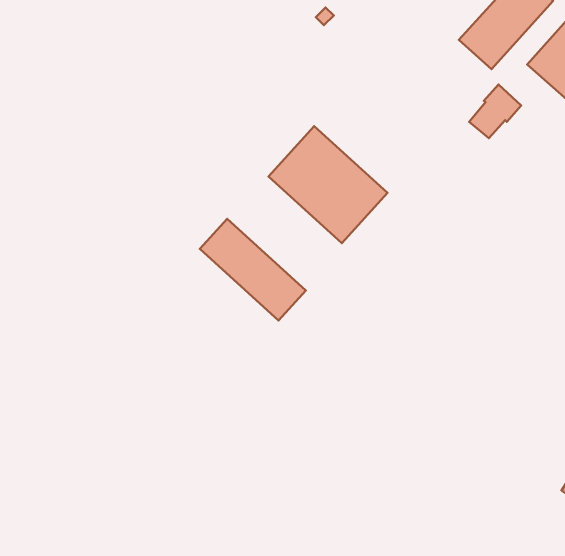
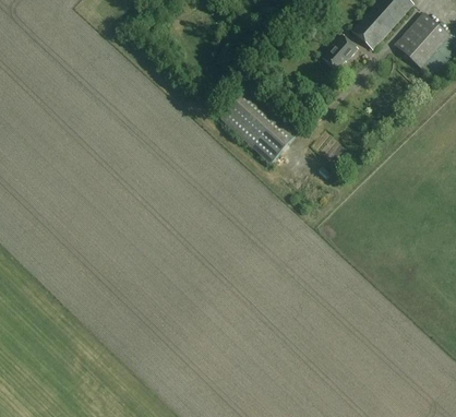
building: [469,84,521,138] -> [321,33,356,69]
building: [200,219,306,321] -> none

